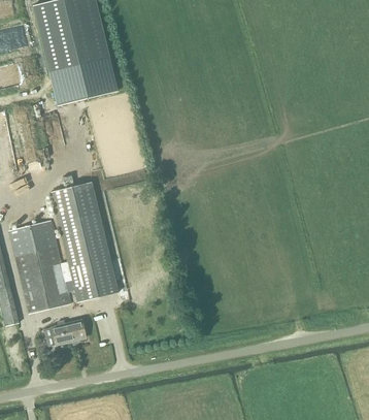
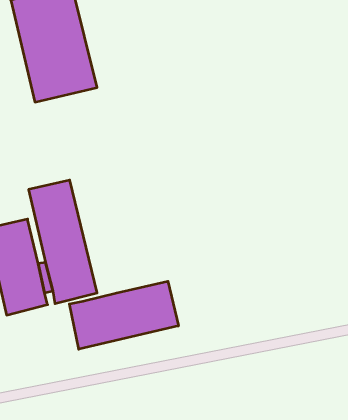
building: none -> [69,281,178,349]
building: [44,320,87,346] -> none

